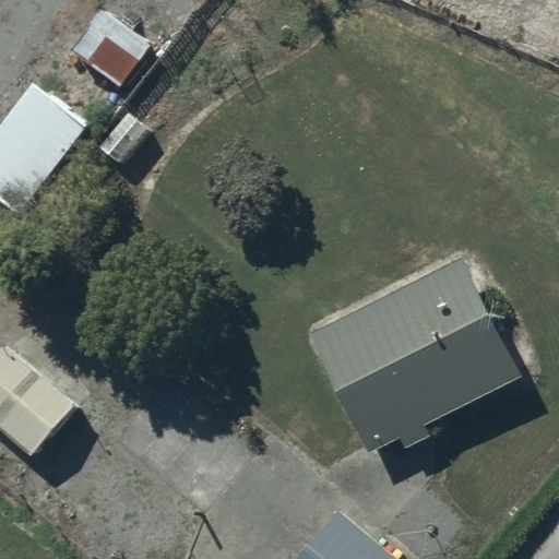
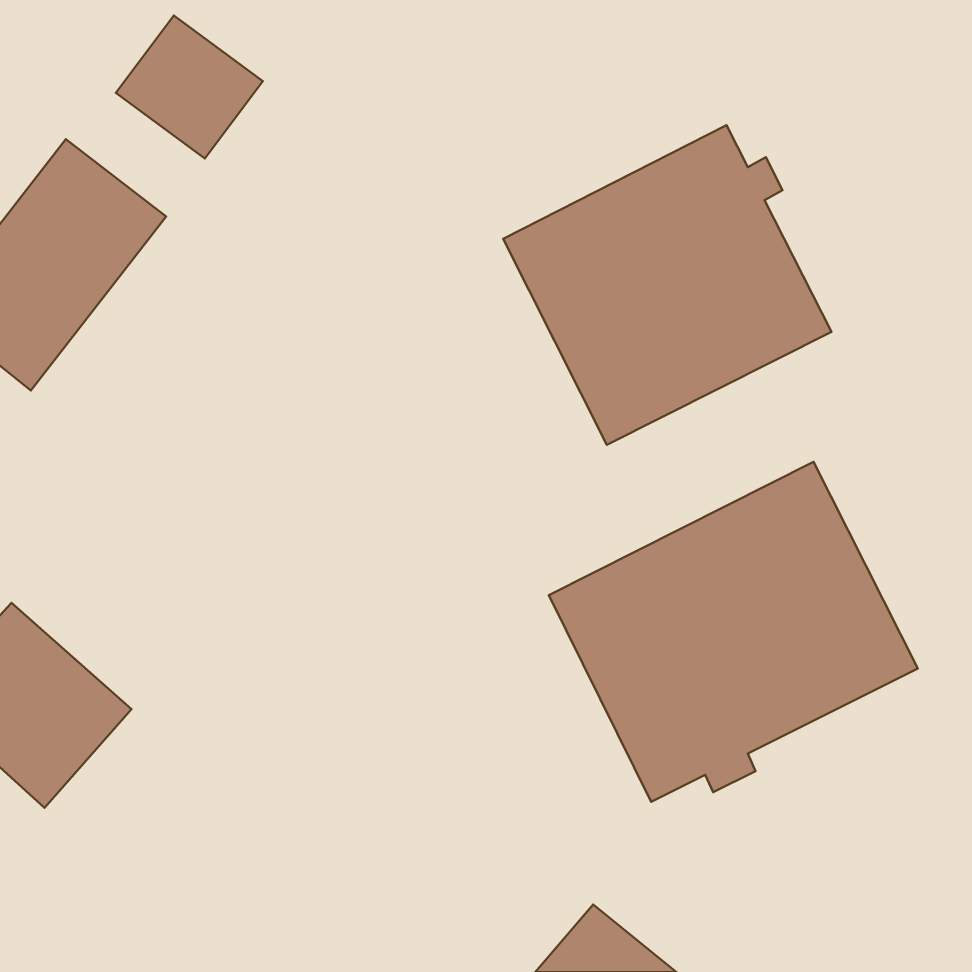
building: none -> [503,125,832,445]

